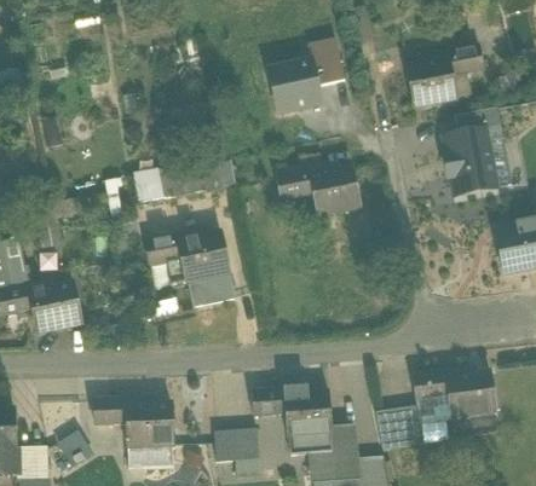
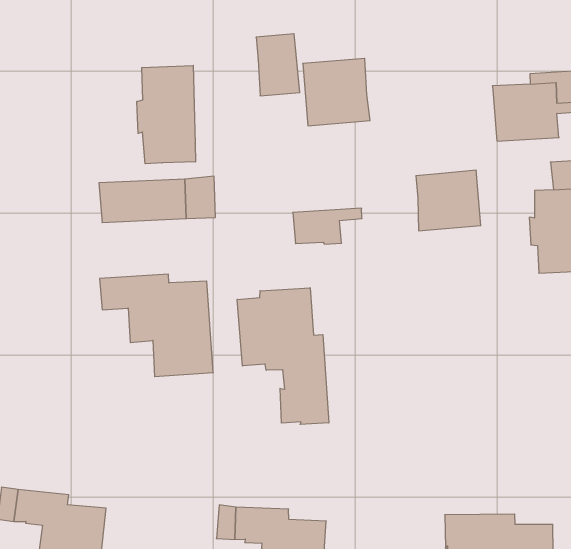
building: [309,40,345,87] -> [256,34,300,96]
building: none -> [137,65,195,164]
building: [310,169,361,218] -> [416,170,481,231]
building: none -> [237,288,329,424]

